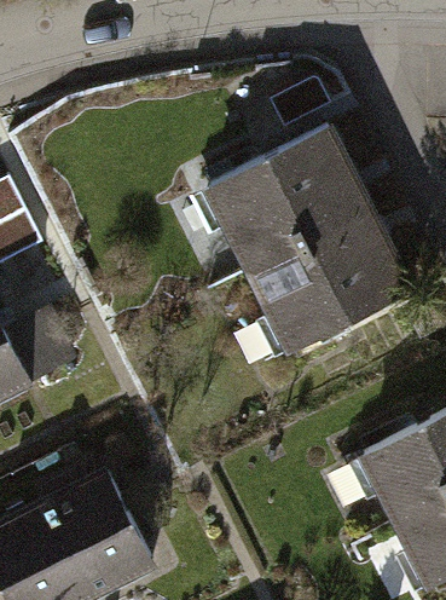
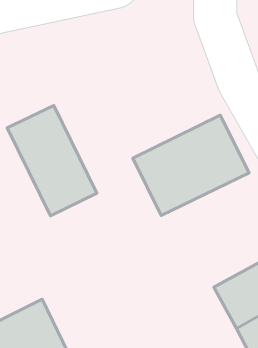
building: [202,121,371,265] -> none
building: none -> [7,106,97,216]

